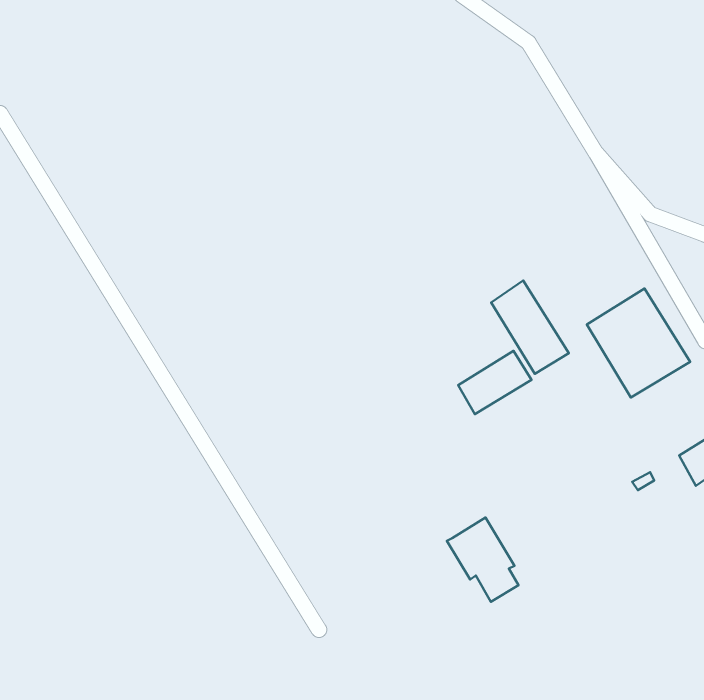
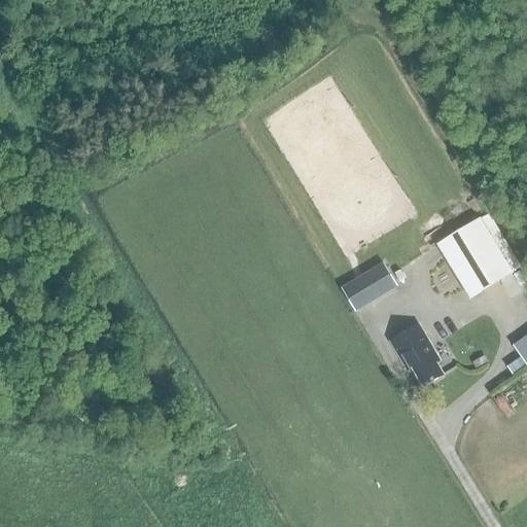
building: [491,281,569,374] -> none
building: [447,518,518,602] -> [390,323,444,386]

